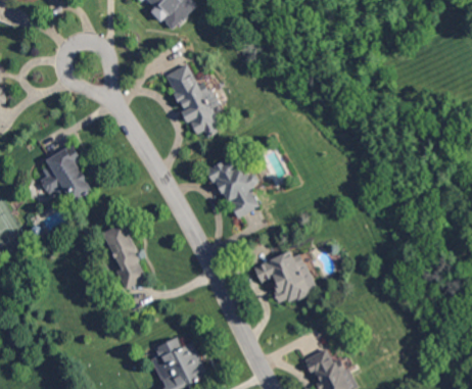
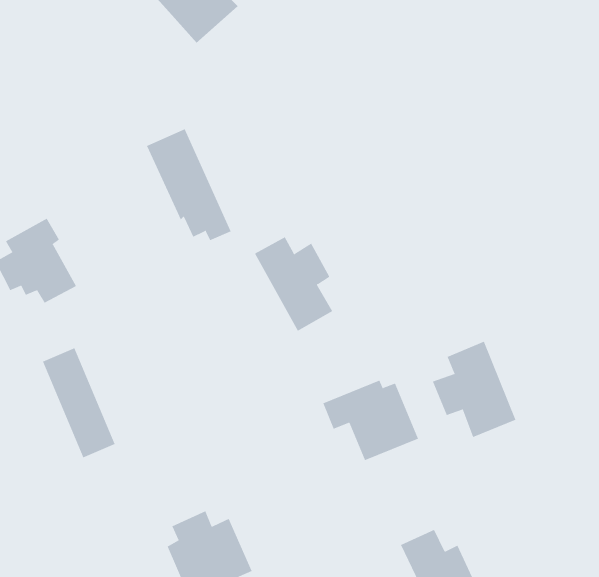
building: [166,63,222,137] -> [146,129,232,241]
building: [101,223,149,295] -> [42,348,115,458]
building: none -> [432,341,516,438]

